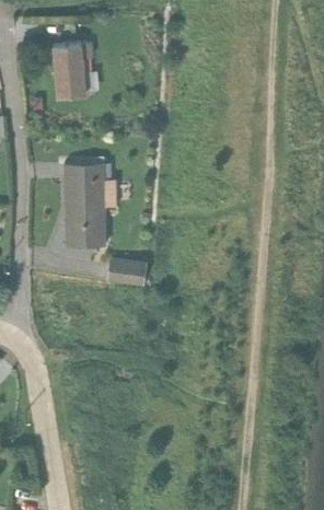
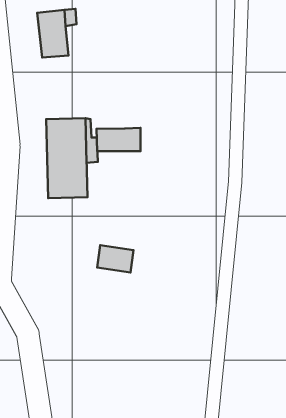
building: none -> [96,128,140,151]
building: [106,259,146,289] -> [97,245,134,272]

